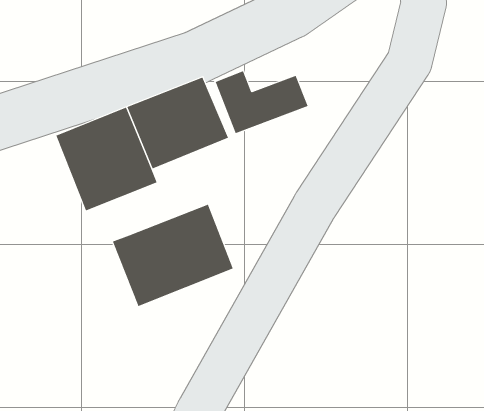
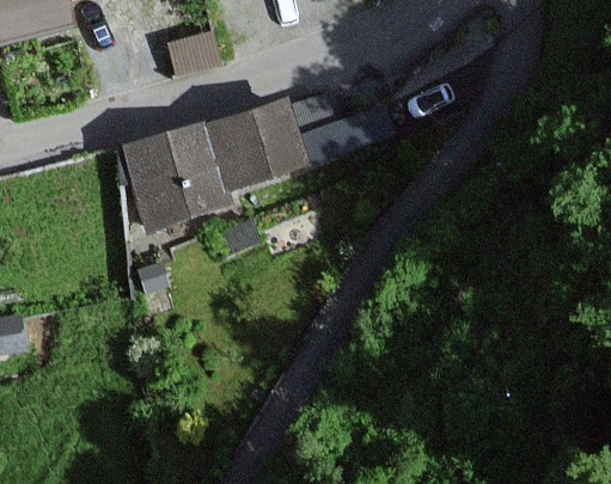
building: [112,204,234,307] -> none

